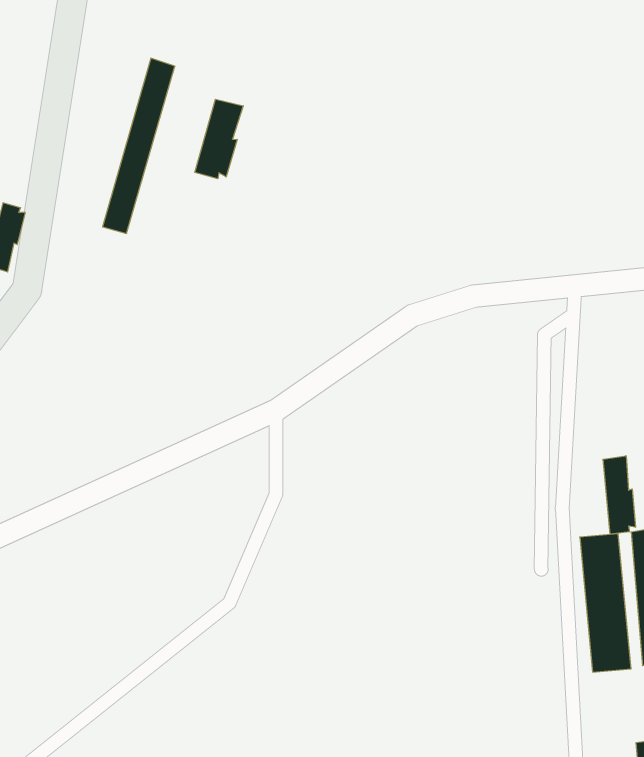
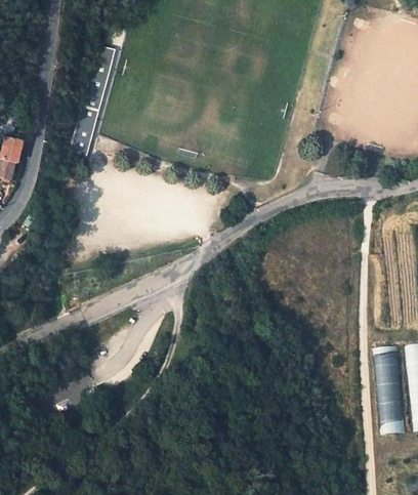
building: [195,99,243,179] -> none
building: [603,456,635,534] -> none

